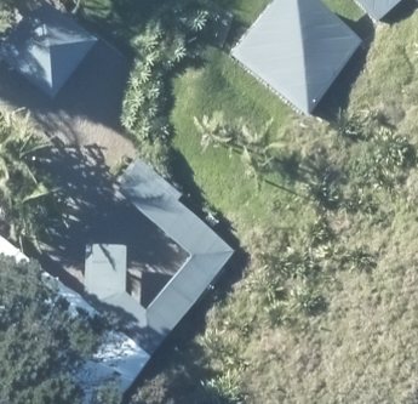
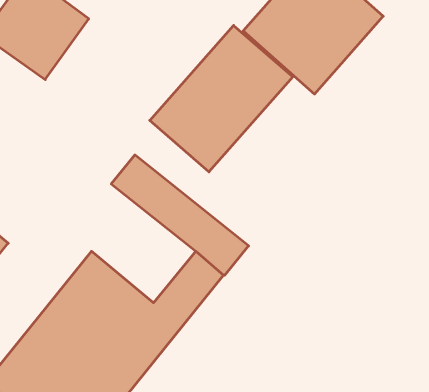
building: none -> [150,25,293,172]

